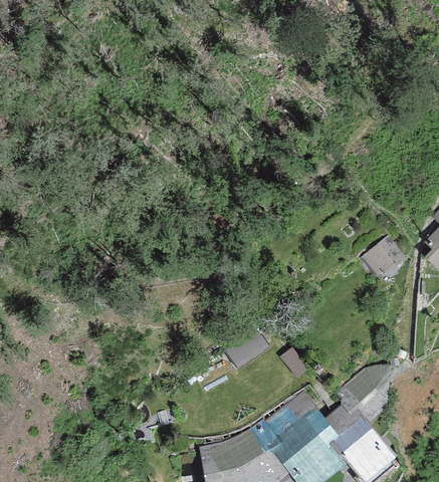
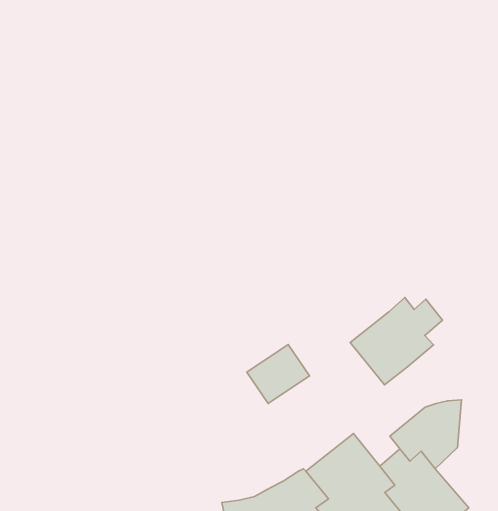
building: [361,236,405,278] -> none
building: none -> [350,297,442,385]

